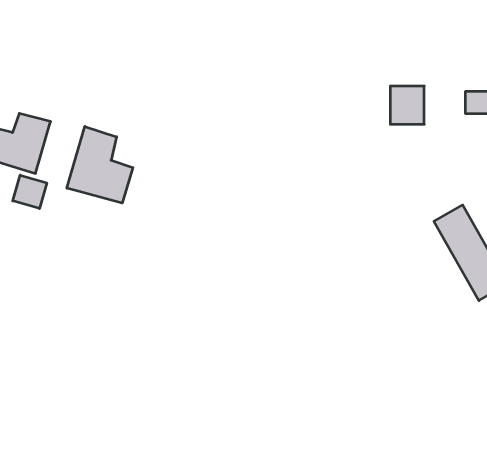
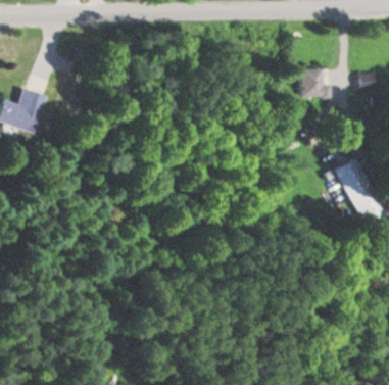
building: [67,126,133,203] -> none
building: [13,175,47,209] -> none

